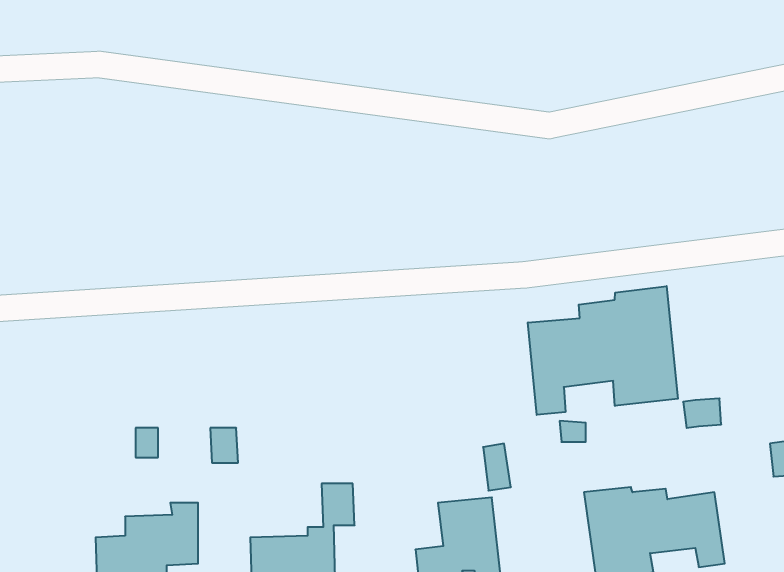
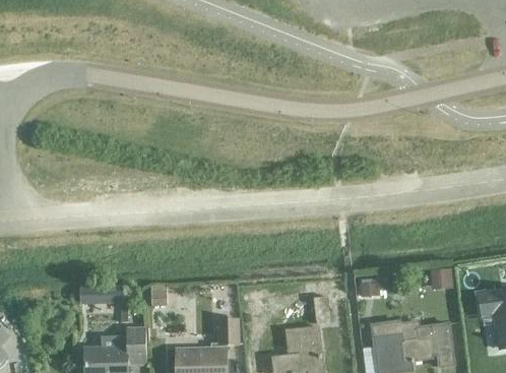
building: [528,286,678,415] -> none

